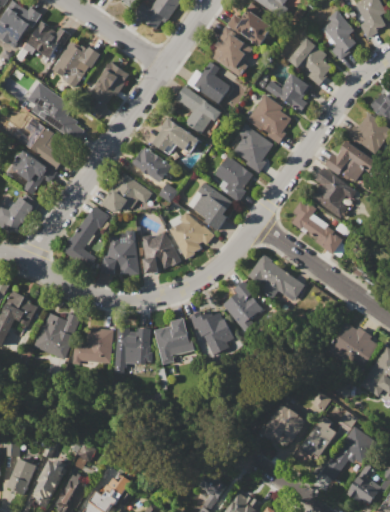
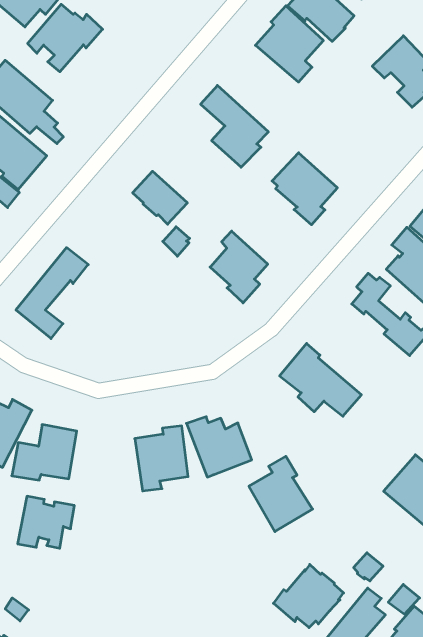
building: [82,60,130,115] -> none
building: [187,61,230,103] -> none
building: [265,72,310,112] -> none
building: [246,94,296,143] -> none
building: [152,118,199,154] -> none
building: [214,155,252,201] -> none
building: [104,172,152,212] -> none
building: [169,212,213,258] -> none
building: [101,230,138,275] -> none
building: [141,232,181,273] -> none
building: [222,280,267,332] -> [249,456,313,532]
building: [114,326,150,360] -> [18,496,74,548]

